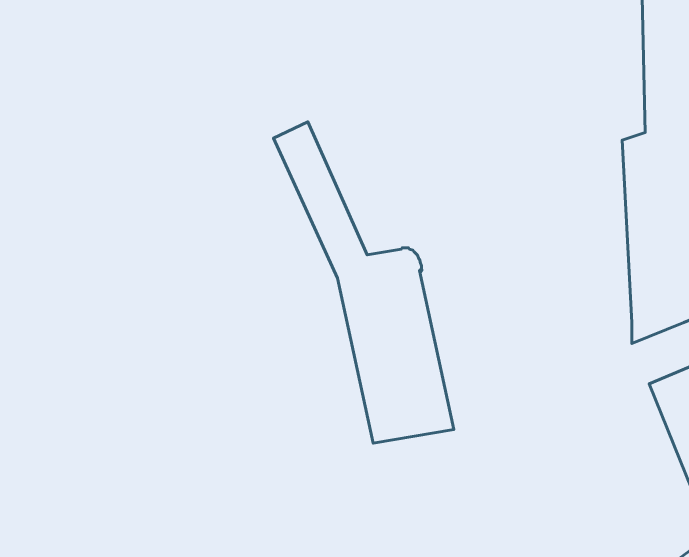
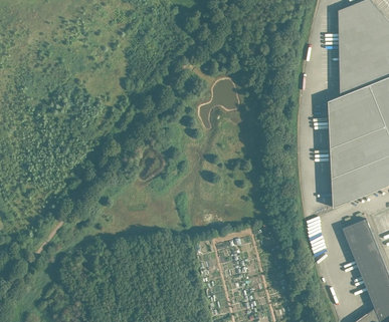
building: [274,122,454,443] -> none

